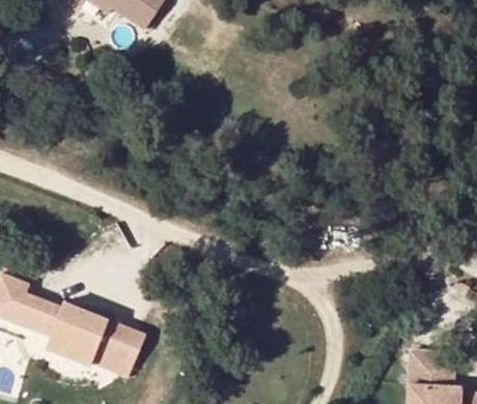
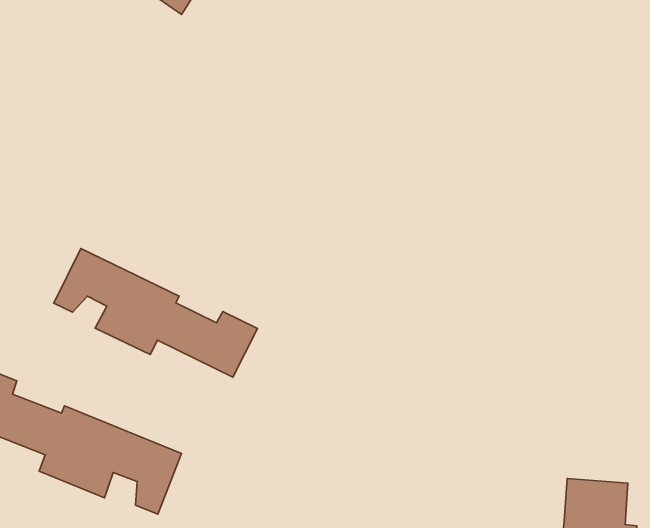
building: none -> [54,249,257,377]

